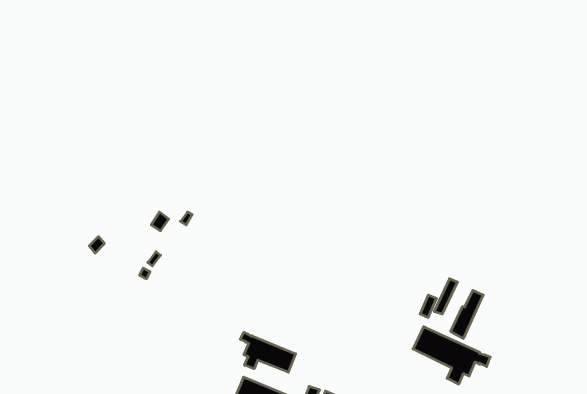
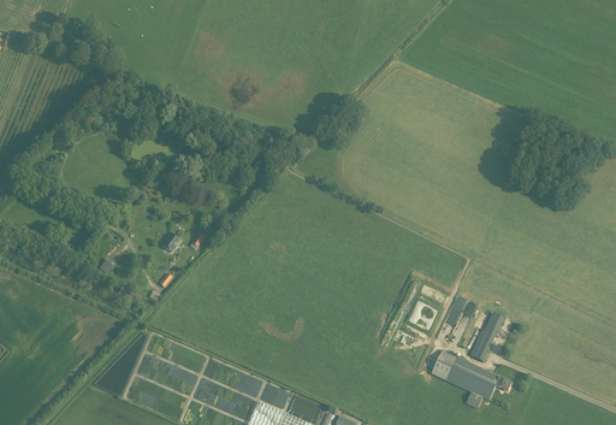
building: [240,332,296,372] -> none

